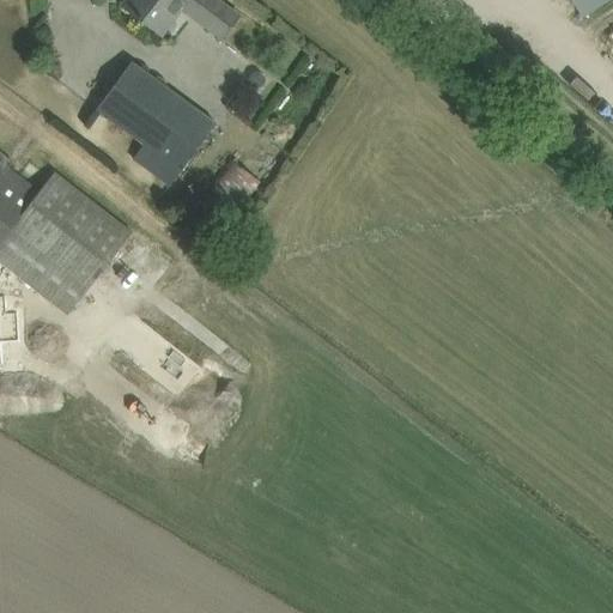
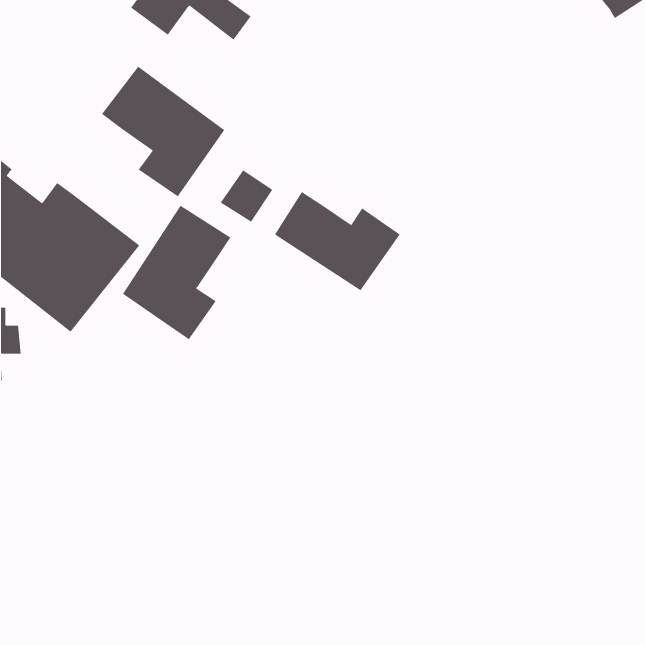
building: none -> [274,191,400,291]
building: none -> [122,205,231,340]

